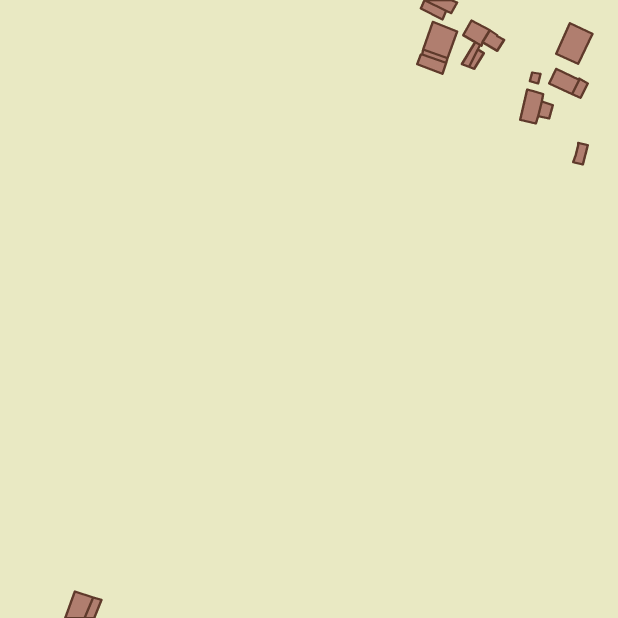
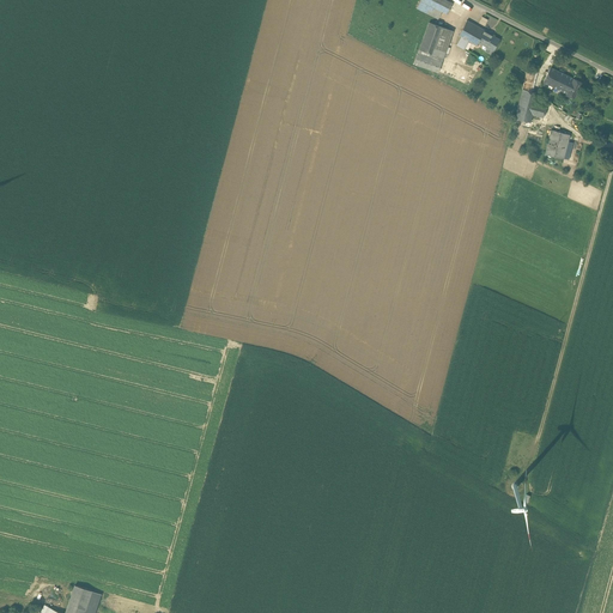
building: [556,23,592,64] -> none
building: none -> [545,129,570,159]

